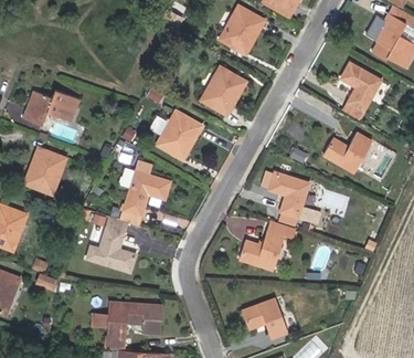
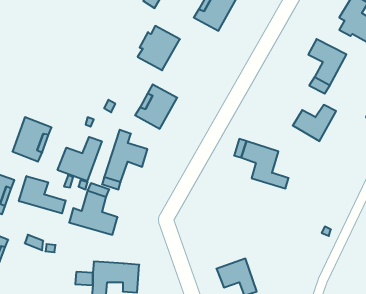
building: [201,66,246,114] -> [138,26,180,70]
building: [23,90,78,124] -> none
building: none -> [58,137,102,181]
building: none -> [19,176,66,213]
building: [241,221,296,270] -> none

